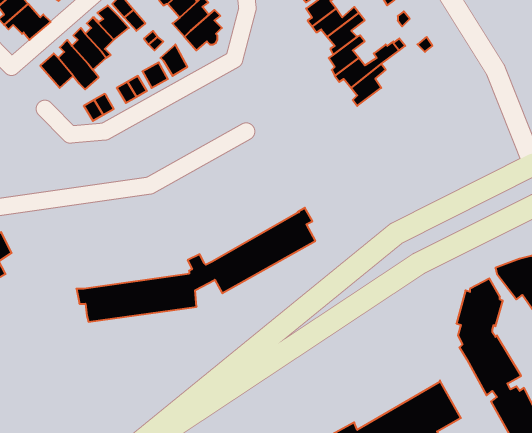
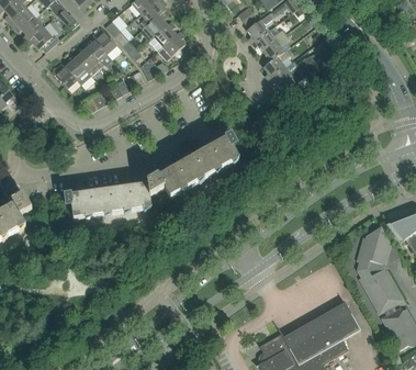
building: [76,208,315,322] -> [65,134,239,217]

